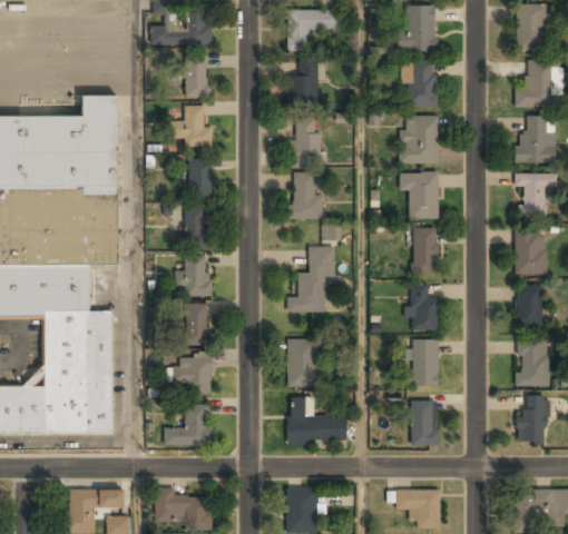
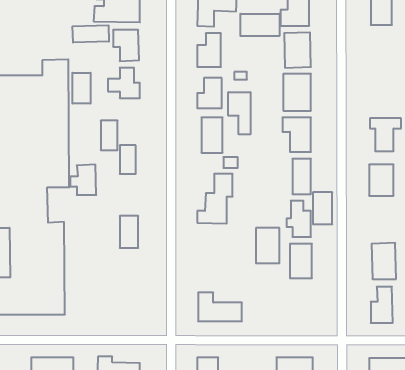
building: none -> [240,14,279,36]
building: none -> [73,25,109,43]
building: [515,60,551,107] -> none
building: none -> [72,73,91,104]
building: [517,116,554,164] -> none
building: none -> [228,92,250,134]
building: [189,159,212,198] -> [101,121,118,150]
building: [176,256,210,296] -> [70,165,96,195]
building: [517,285,542,327] -> [313,192,332,224]
building: [287,339,319,386] -> [256,228,279,263]
building: [177,355,212,394] -> none
building: [411,399,438,444] -> none
building: [165,405,213,445] -> none

